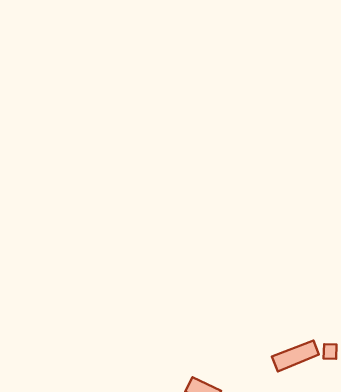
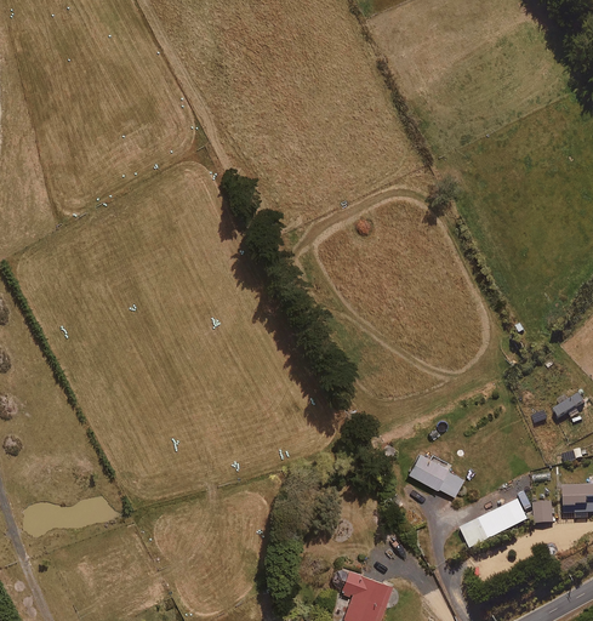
building: none -> [406,451,462,496]

